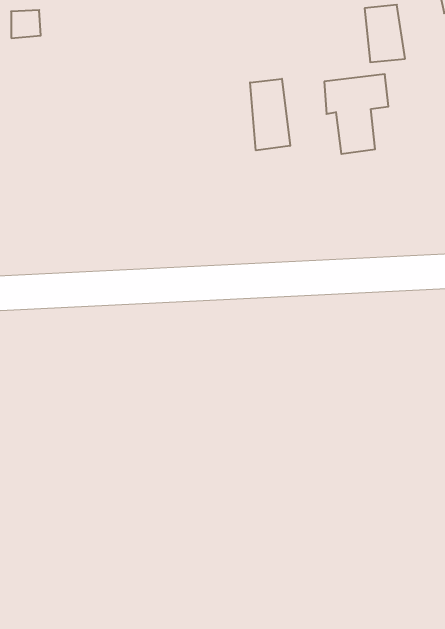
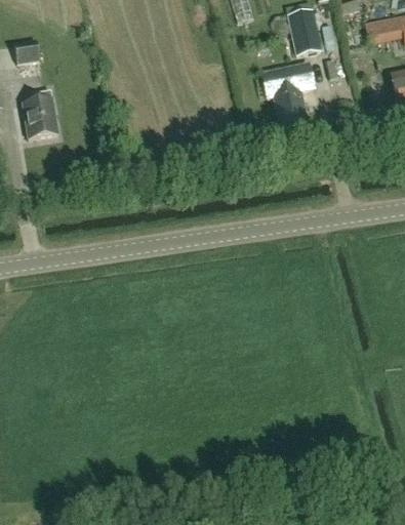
building: none -> [23,88,57,136]
building: [250,79,290,150] -> none

